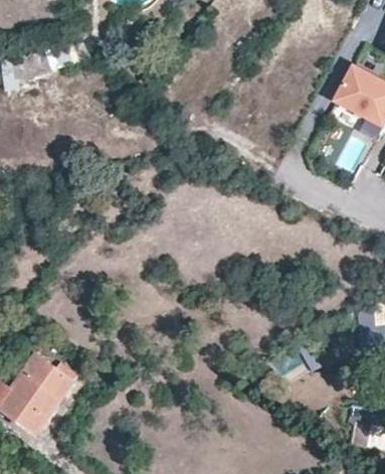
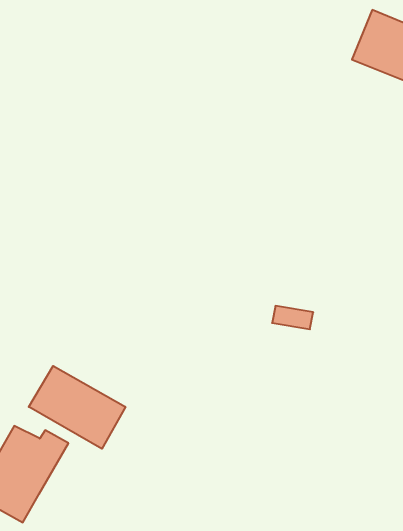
building: none -> [29,366,125,449]

